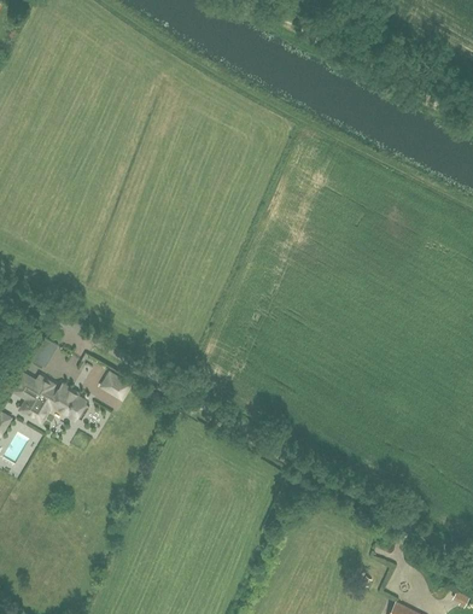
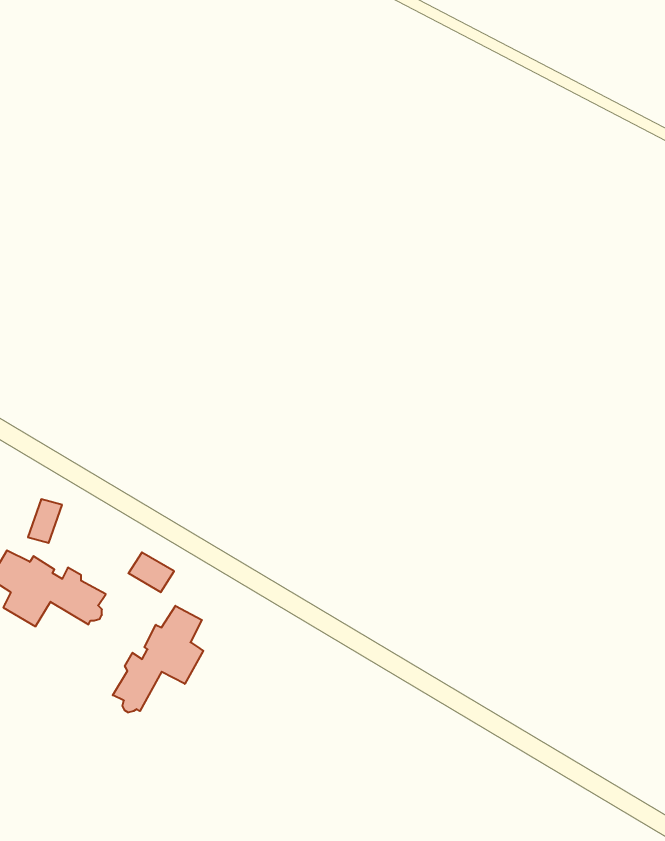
building: none -> [113,606,203,713]

